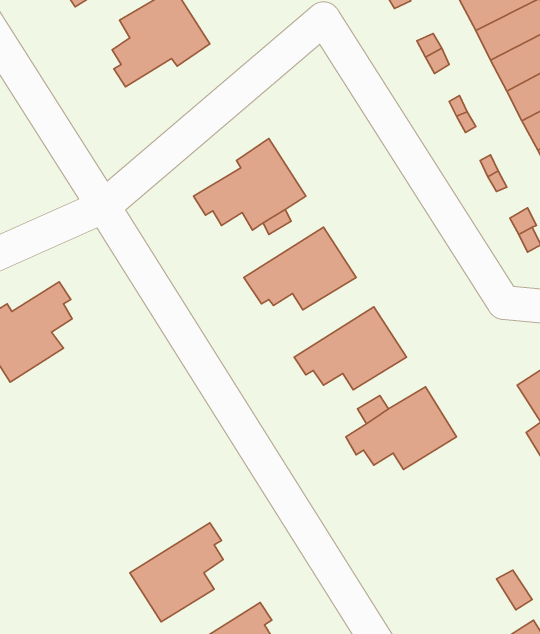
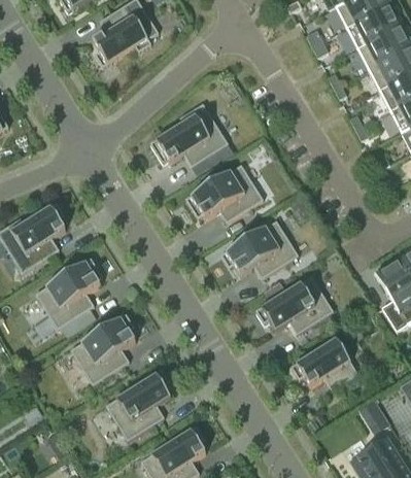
building: none -> [35,258,102,328]
building: none -> [70,313,135,383]
building: none -> [290,338,357,388]

